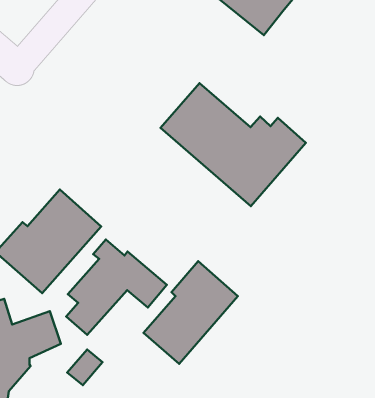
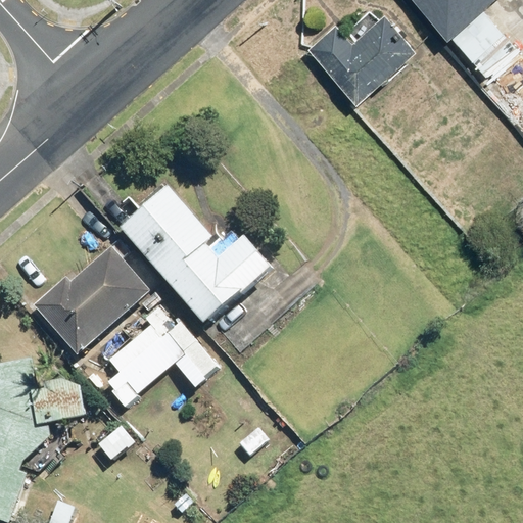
building: [160,83,306,206] -> [116,184,276,328]
building: [143,261,238,364] -> none

